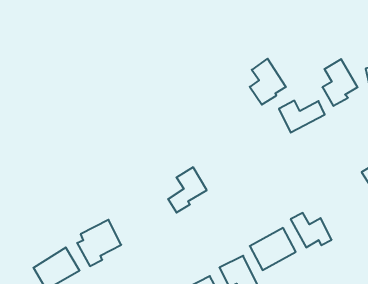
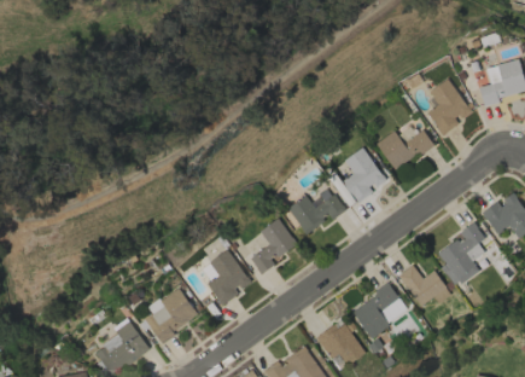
building: [250,59,286,105] -> [342,146,385,202]
building: none -> [286,193,345,233]
building: none -> [437,222,484,285]
building: none -> [206,249,249,304]

